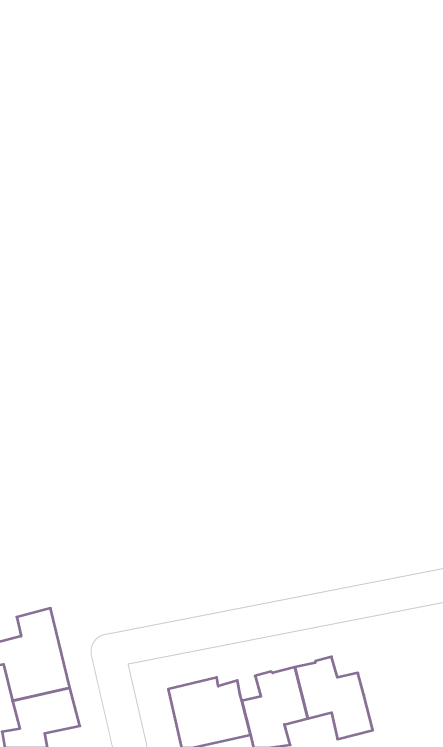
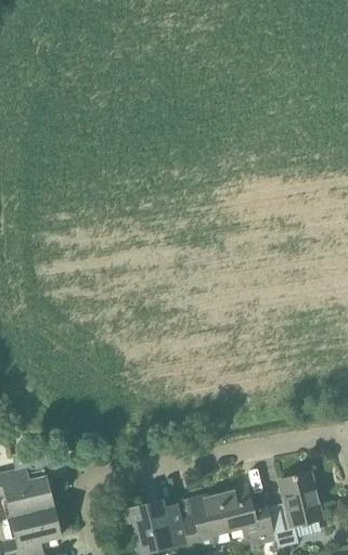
building: none -> [270,472,322,546]

